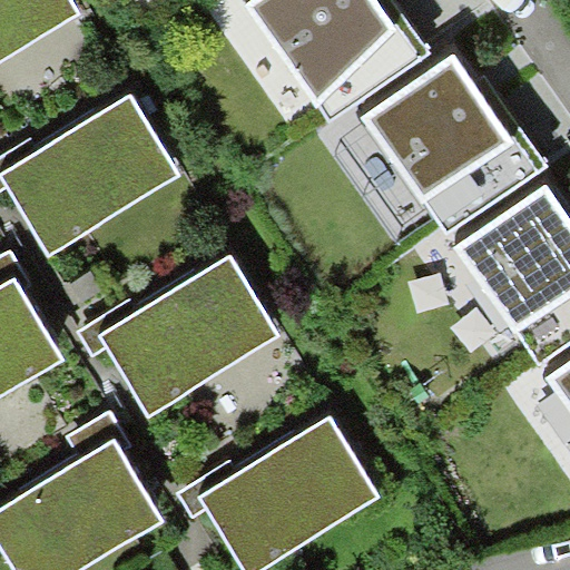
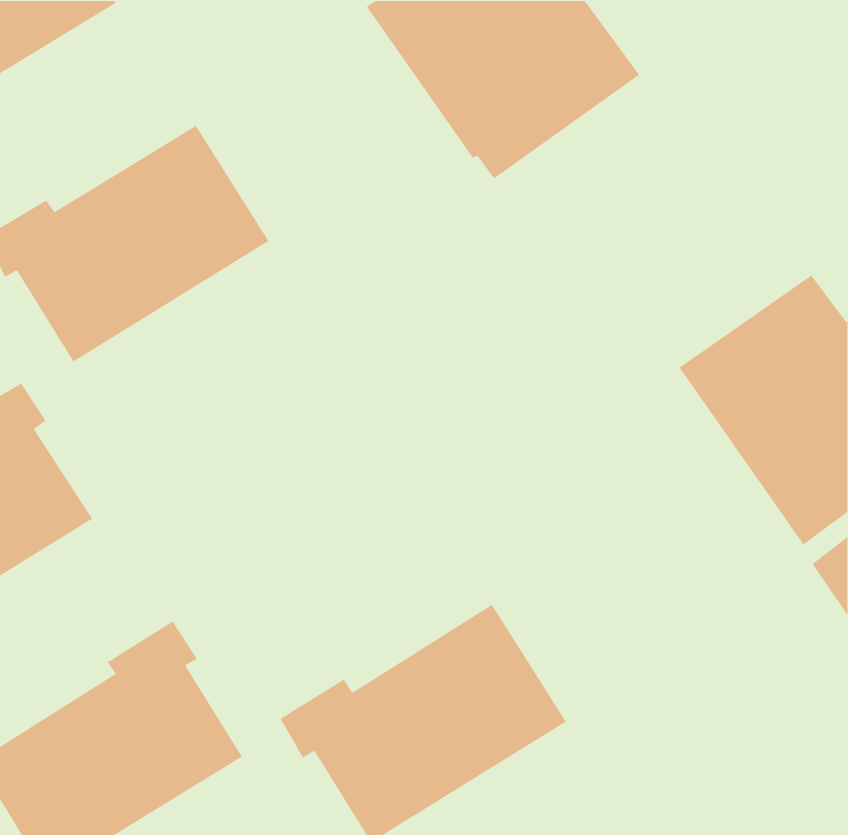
building: [360,62,546,244] -> none
building: [90,252,283,412] -> none

